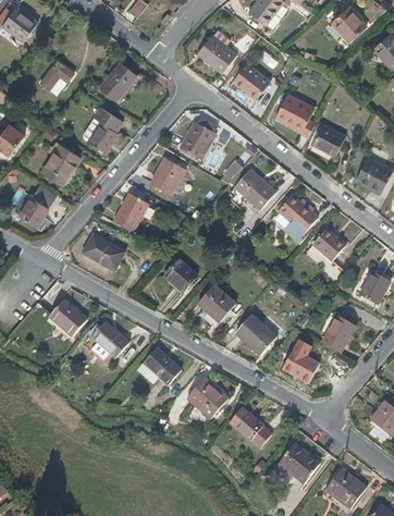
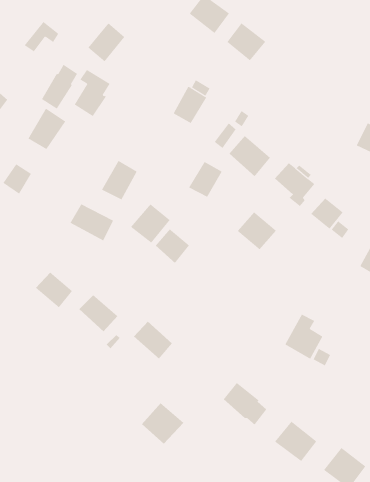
building: [274,94,313,137] -> none
building: none -> [41,64,78,110]
building: [311,124,344,156] -> none
building: [151,160,184,195] -> [188,161,222,198]
building: none -> [130,203,171,244]
building: [197,285,235,322] -> [237,211,277,250]
building: [321,315,356,353] -> none
building: [235,316,275,355] -> none
building: [186,378,227,418] -> [141,402,184,445]

